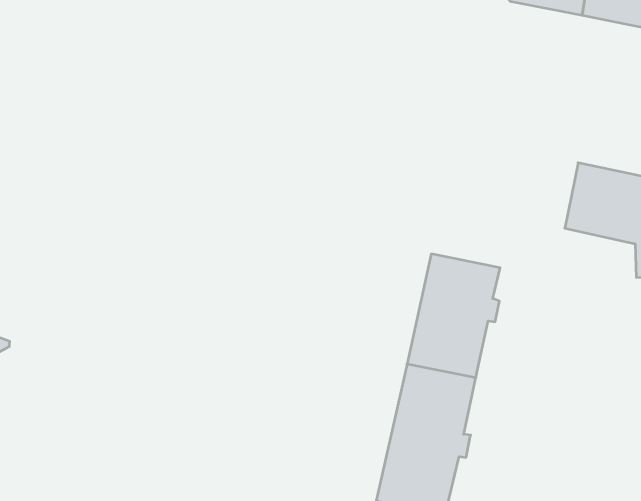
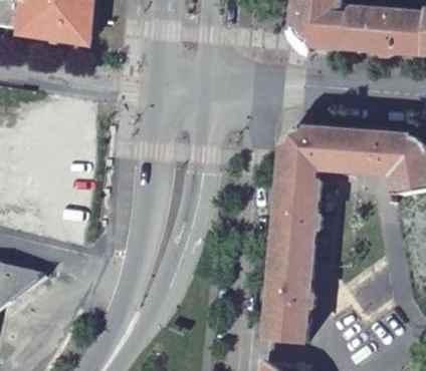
building: none -> [276,126,354,197]

